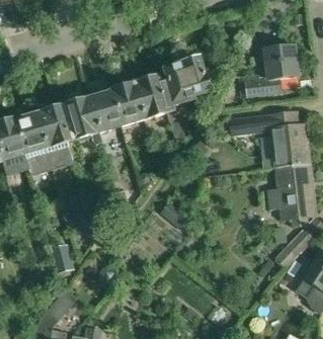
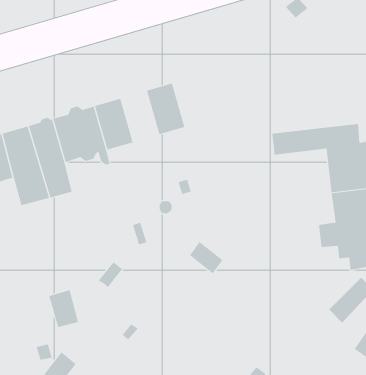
building: [237,46,299,96] -> none
building: [149,59,212,113] -> none
building: [107,84,138,125] -> none

